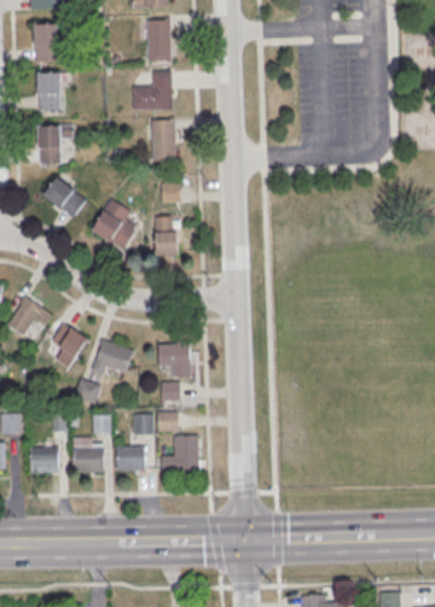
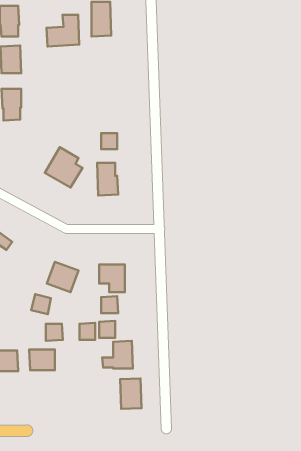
building: [133,74,173,112] -> [47,15,79,46]
building: [152,122,175,163] -> none
building: [41,176,86,217] -> none
building: [50,322,86,367] -> none
building: [115,447,143,472] -> none
building: none -> [120,379,141,409]

